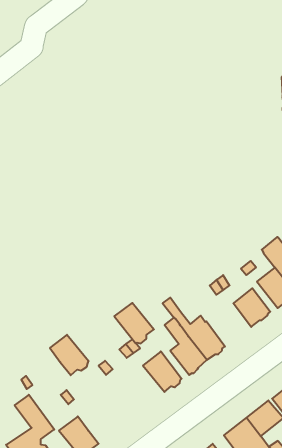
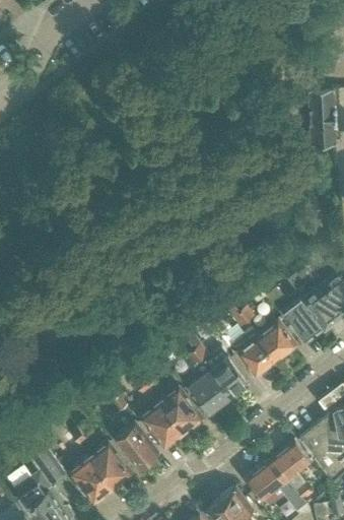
building: none -> [230,329,276,379]
building: [114,303,154,343] -> [140,404,183,448]
building: [50,335,89,375] -> [89,445,131,489]
building: none -> [115,426,157,470]

